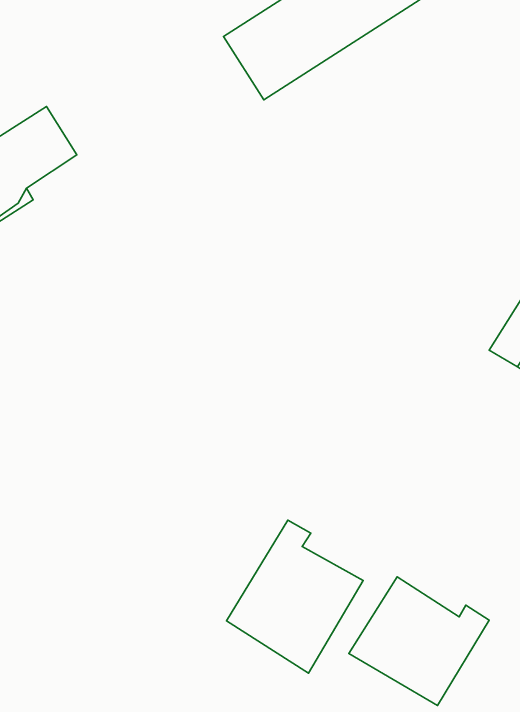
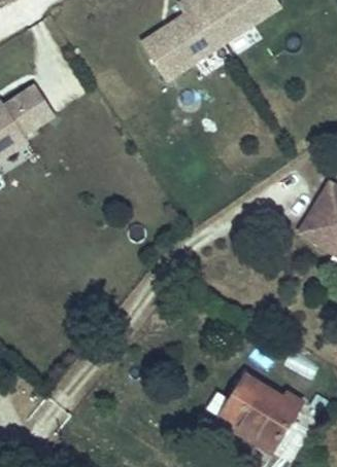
building: [227,520,363,673] -> none

